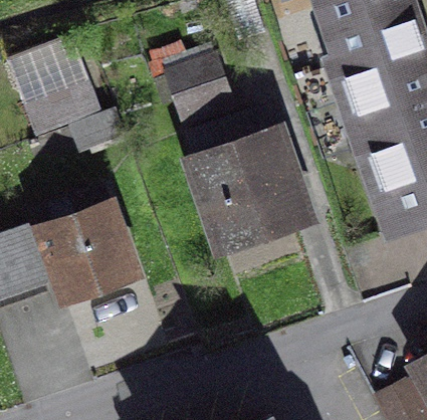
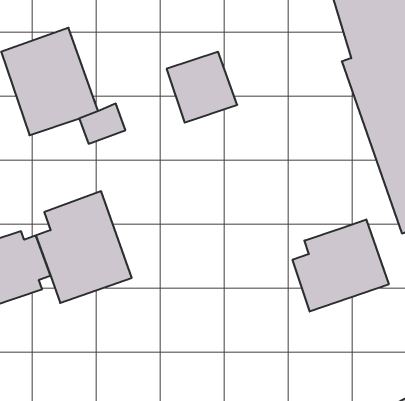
building: [188,108,302,241] -> none
building: none -> [293,219,389,312]

